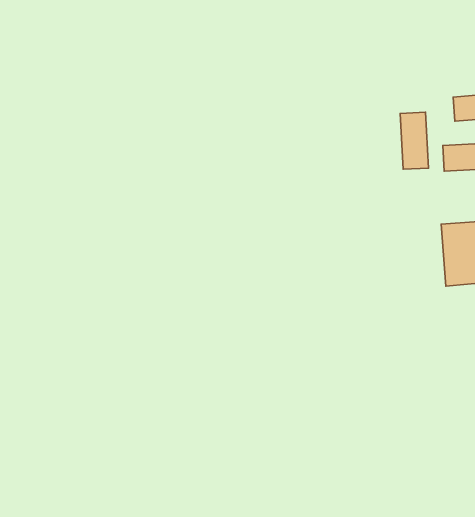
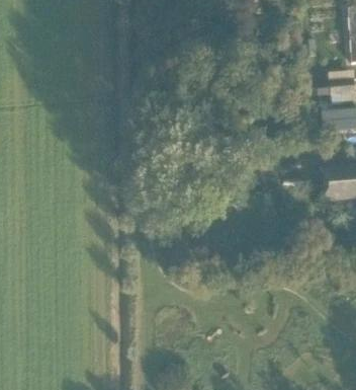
building: [400,112,428,169] -> none

